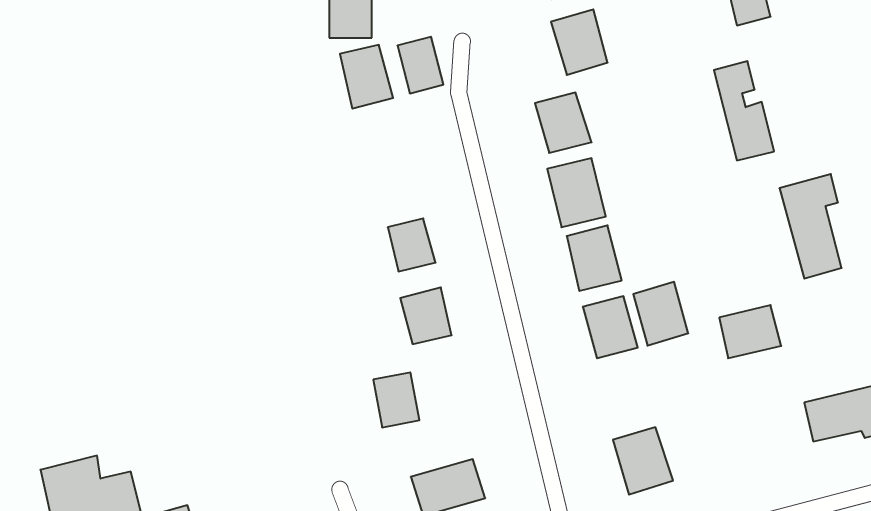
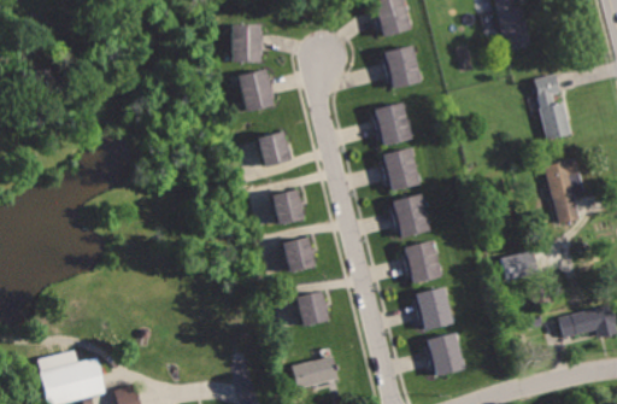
building: [397,37,443,93] -> [258,128,289,166]
building: [714,61,774,160] -> [530,76,571,144]
building: [633,282,688,346] -> [415,285,452,328]
building: [373,372,419,427] -> [298,291,329,328]

